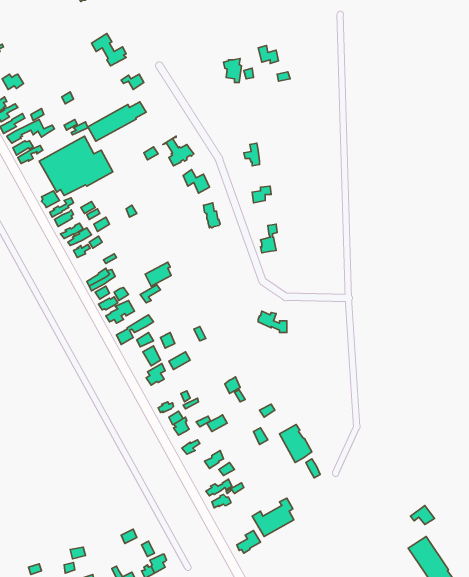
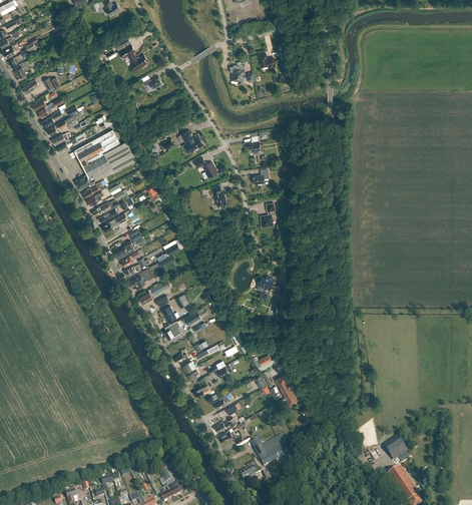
building: [88,102,146,141] -> none

